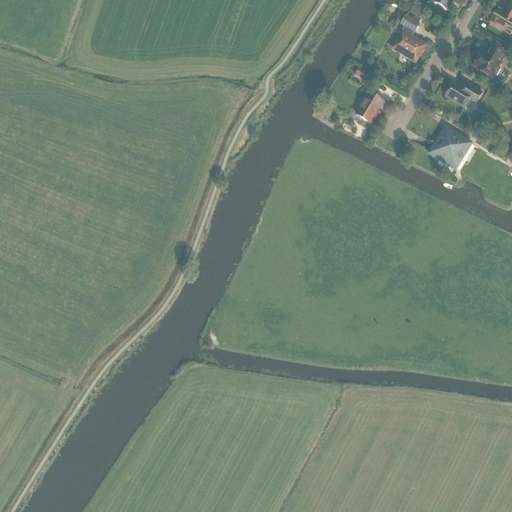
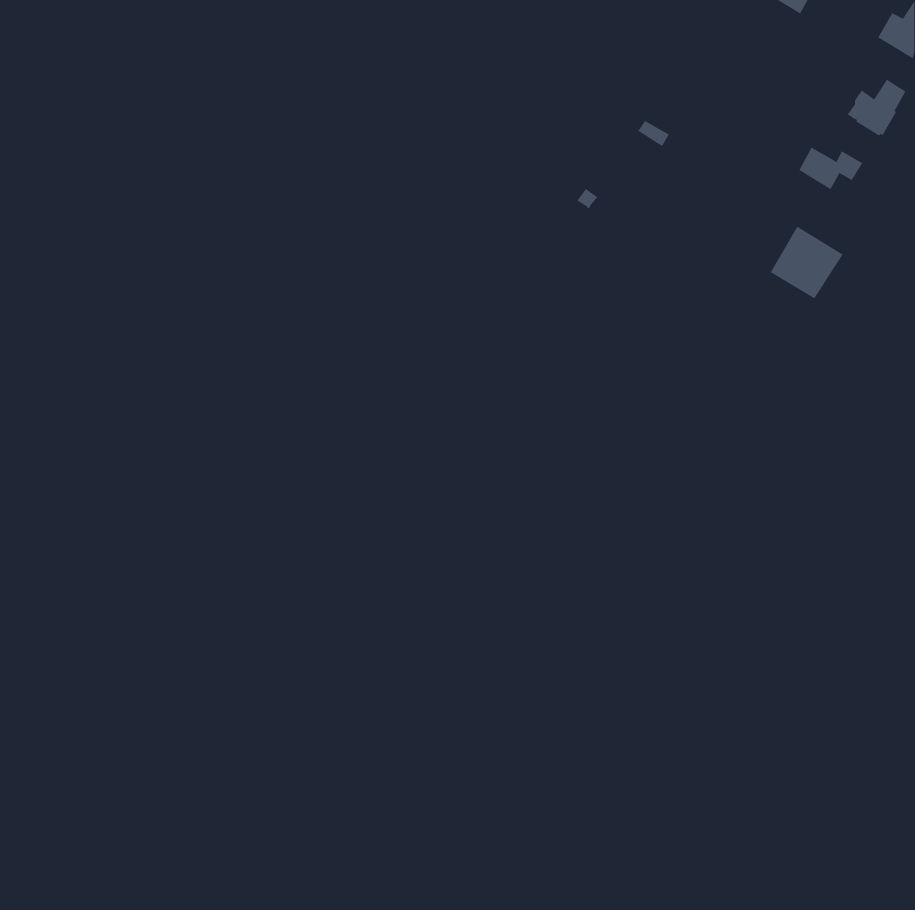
building: [393,10,425,60] -> none
building: [356,91,384,121] -> none

